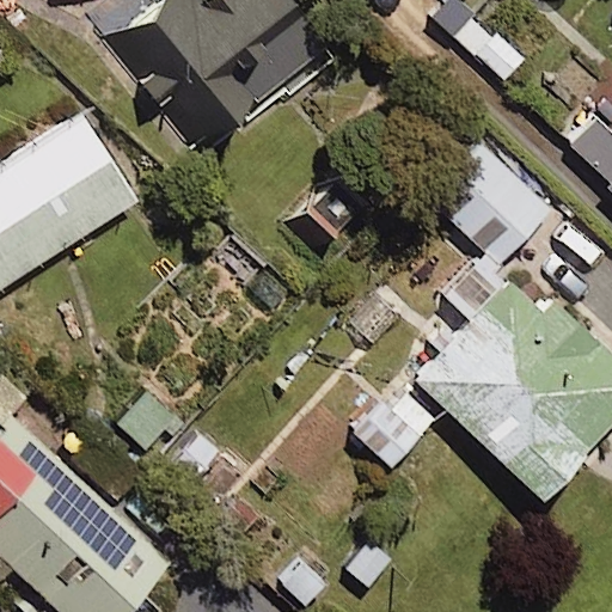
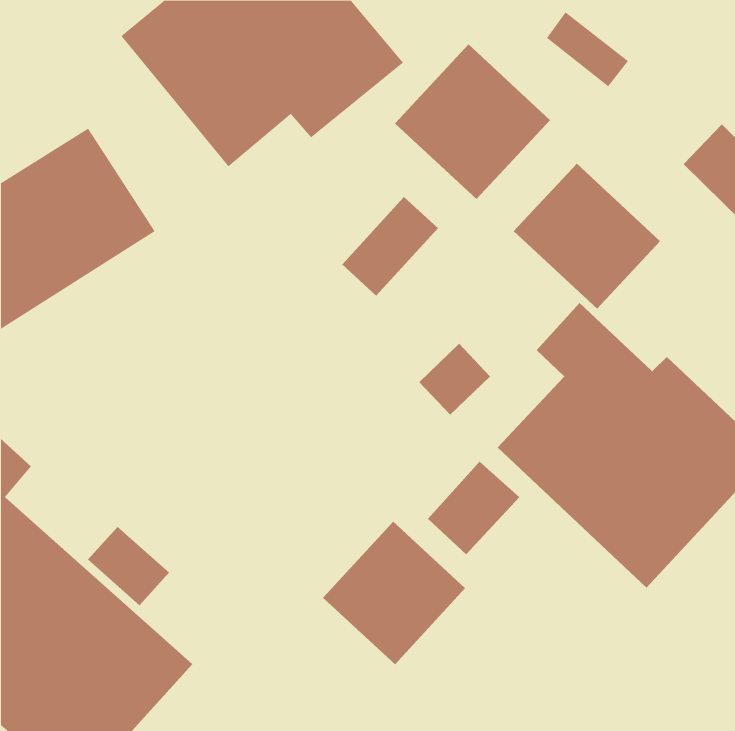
building: none -> [394,44,551,200]
building: none -> [322,521,466,665]

